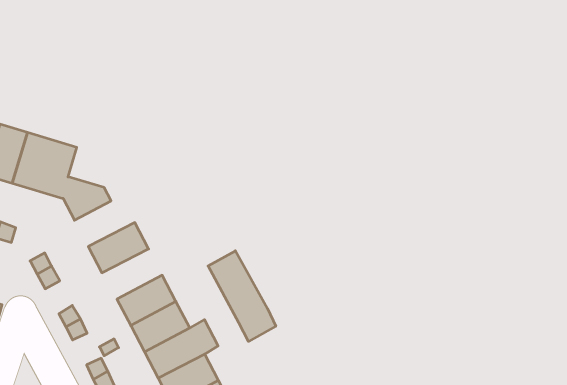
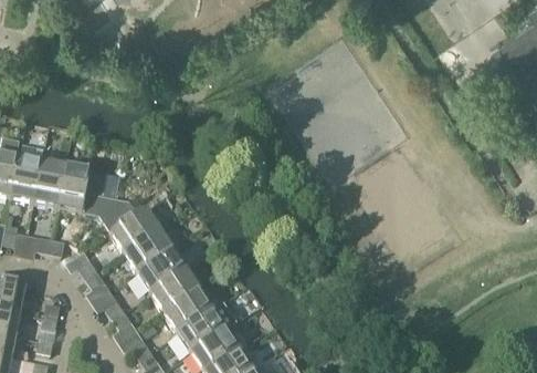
building: none -> [109,207,158,250]
building: none -> [136,247,185,290]
building: [208,251,276,341] -> none

